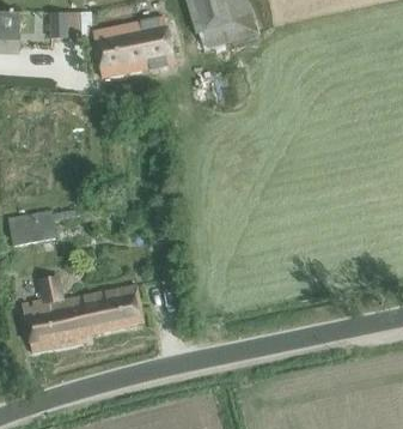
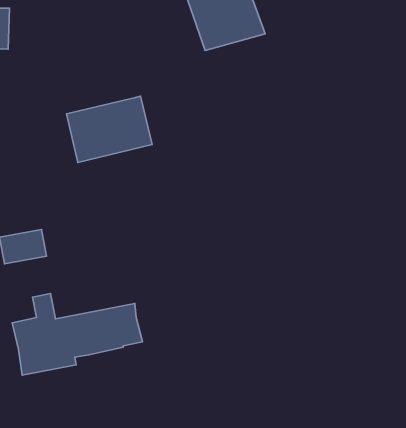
building: [50,12,83,36] -> none
building: [91,16,171,78] -> [66,96,152,163]

